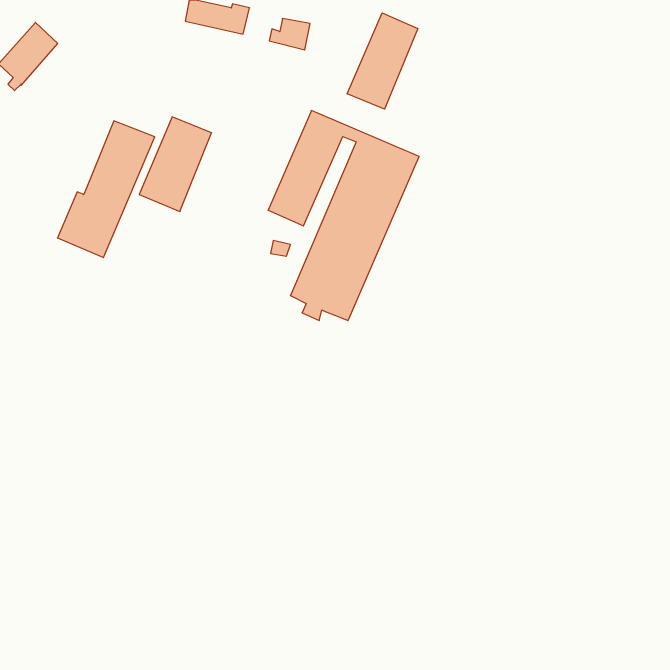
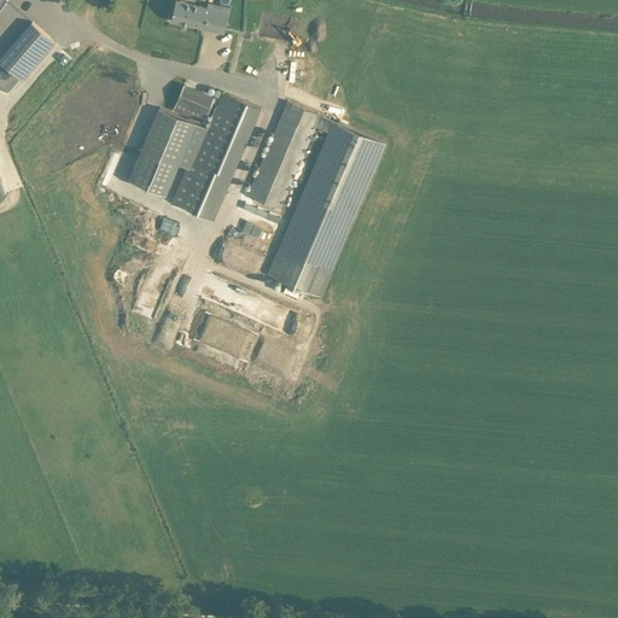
building: [347,13,418,109] -> none
building: none -> [171,84,214,124]
building: [57,121,155,258] -> [170,93,260,218]

